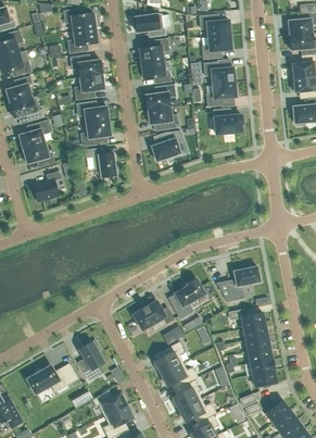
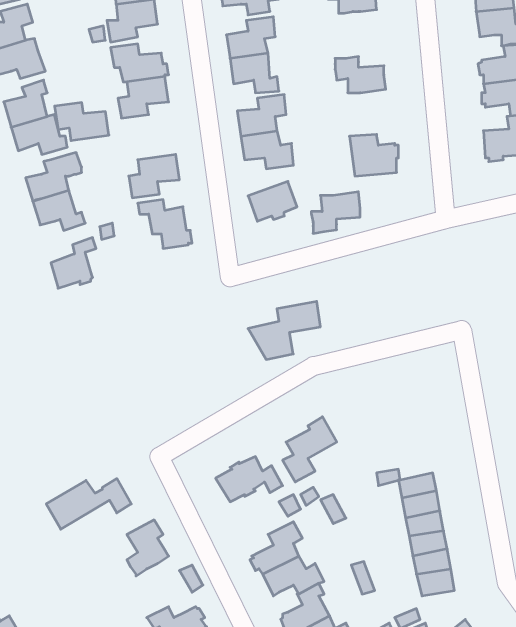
building: [201,34,231,58] -> none
building: [206,82,236,107] -> [311,192,360,233]
building: [76,101,109,124] -> [55,103,109,141]
building: [216,266,260,301] -> [248,301,320,359]
building: [26,363,77,393] -> [46,479,131,529]

